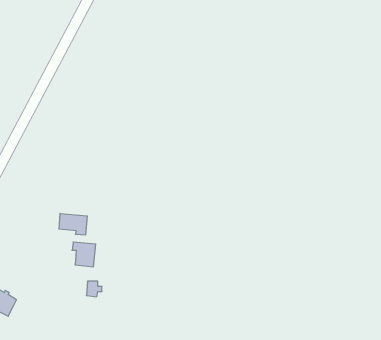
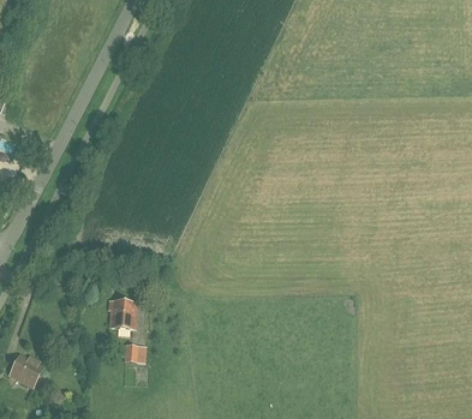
building: [59,213,87,235] -> none

